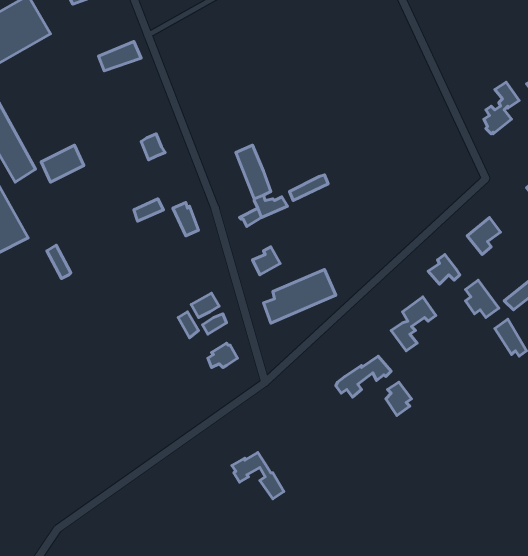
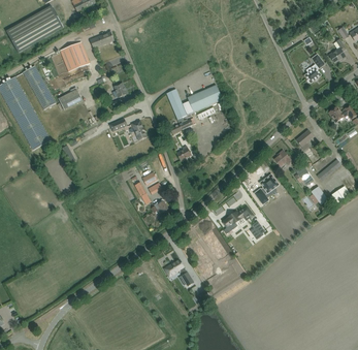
building: none -> [60,41,90,71]
building: [263,269,336,323] -> [183,85,223,115]

